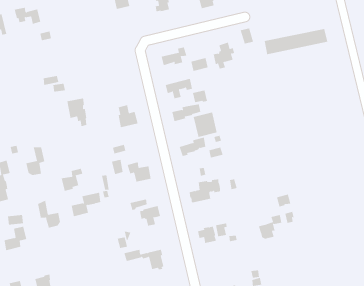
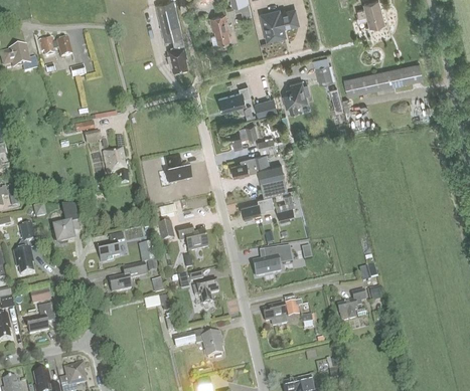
building: none -> [168,45,188,71]
building: [37,200,60,229] -> none

